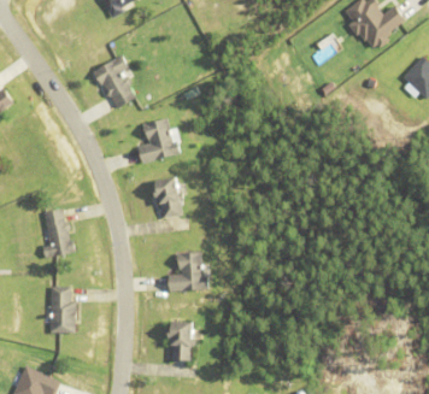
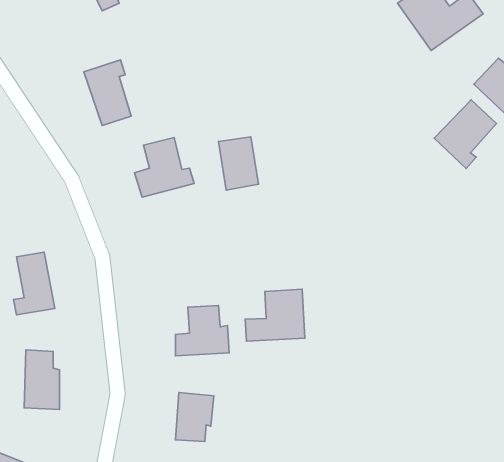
building: none -> [434,100,497,169]
building: [153,177,184,219] -> [219,137,258,190]
building: none -> [245,289,305,341]

